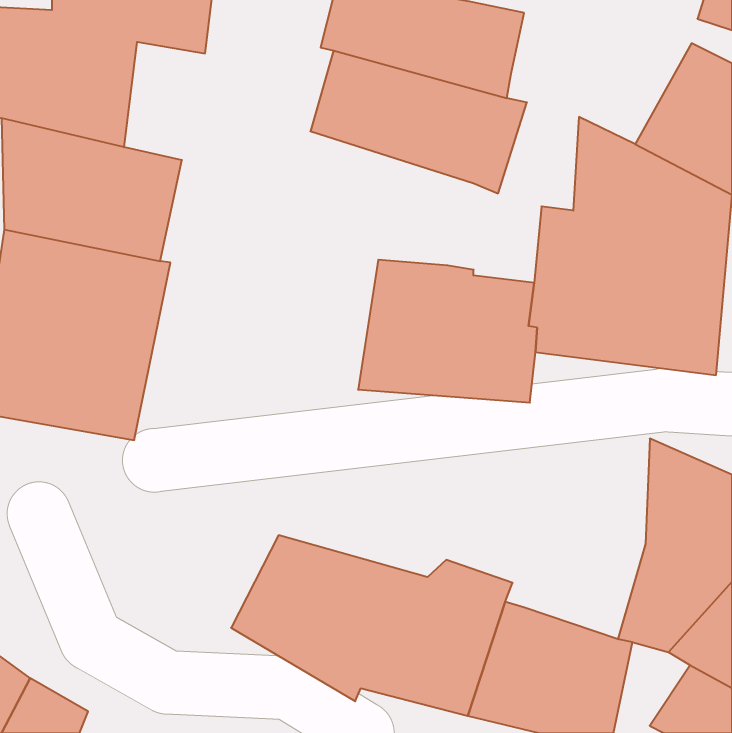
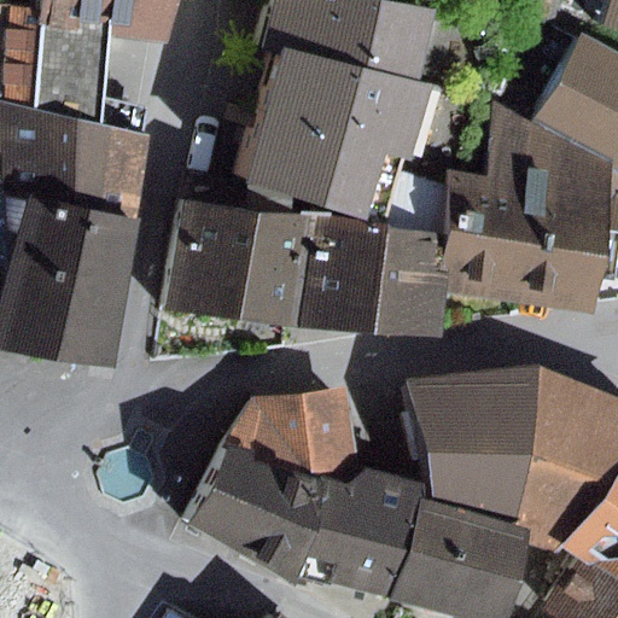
building: none -> [239,110,396,222]
building: none -> [165,199,316,326]
building: none -> [408,367,543,535]
building: none -> [233,385,357,483]

